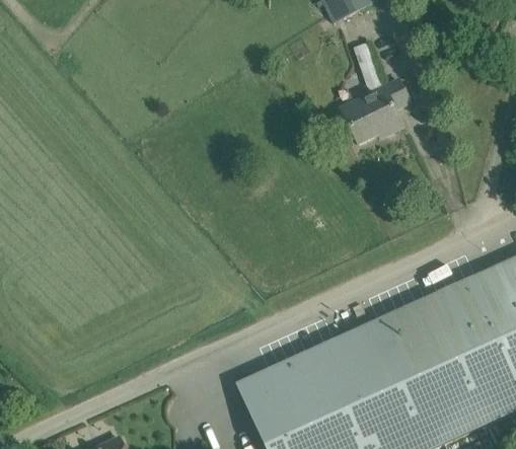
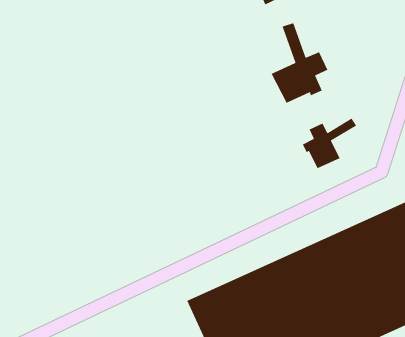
building: none -> [302,117,357,169]

